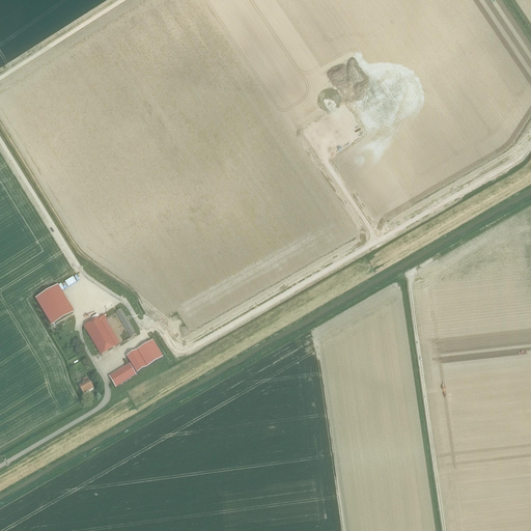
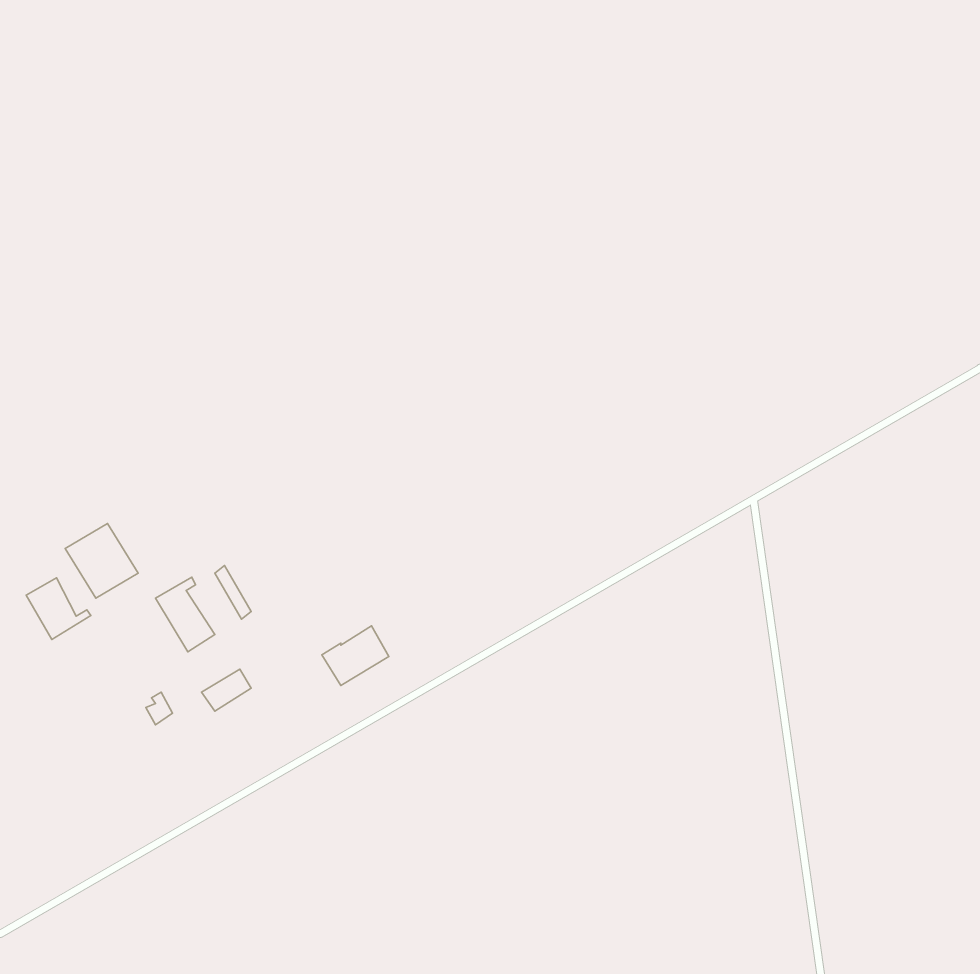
building: none -> [26,578,91,639]
building: [127,338,163,370] -> [322,626,389,685]

